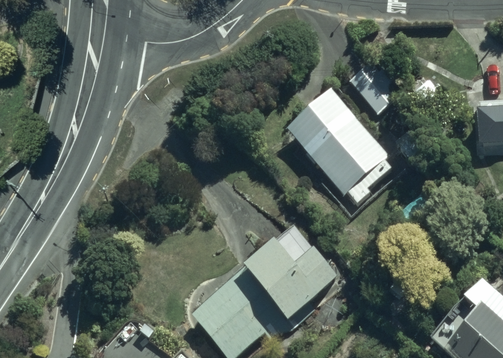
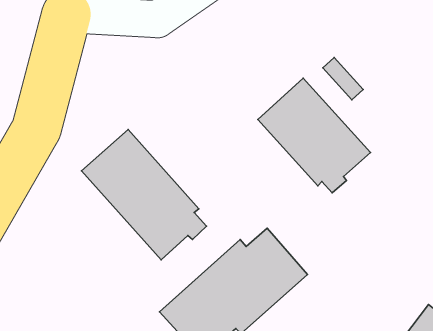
building: none -> [81,129,206,260]

